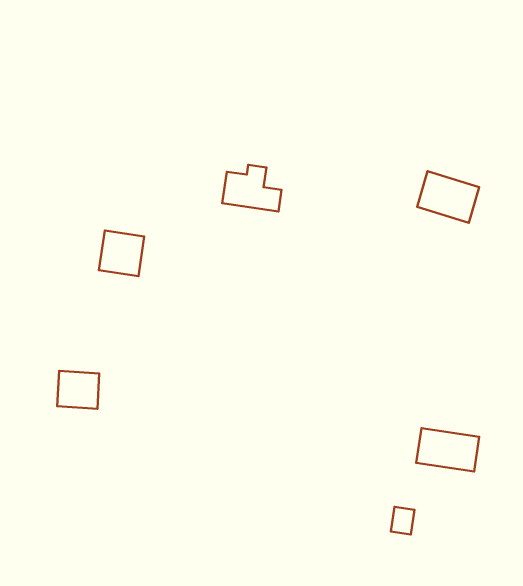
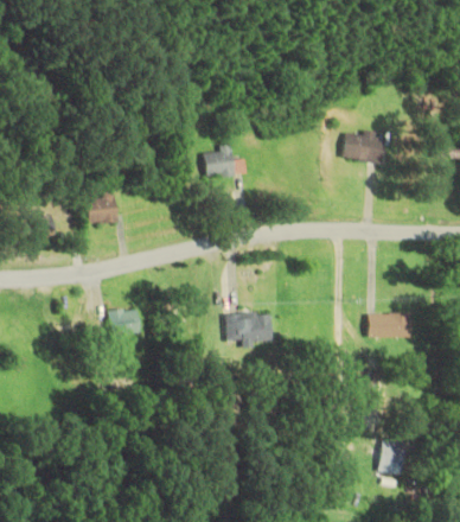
building: [99,231,144,276] -> [87,196,115,224]
building: none -> [225,312,271,343]

